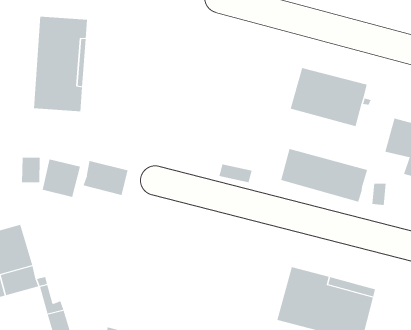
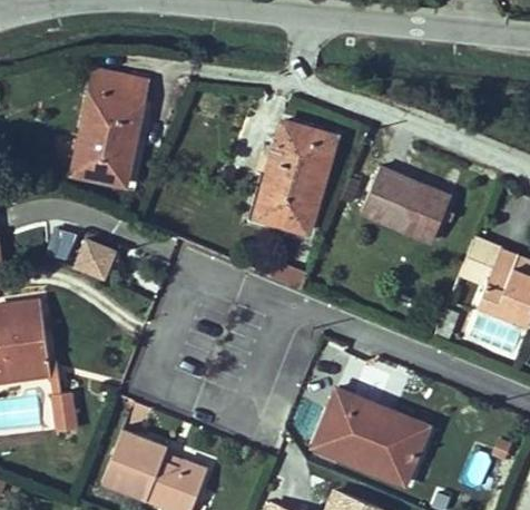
building: none -> [258,124,334,233]
building: [280,148,368,203] -> none
building: [83,160,128,196] -> none

